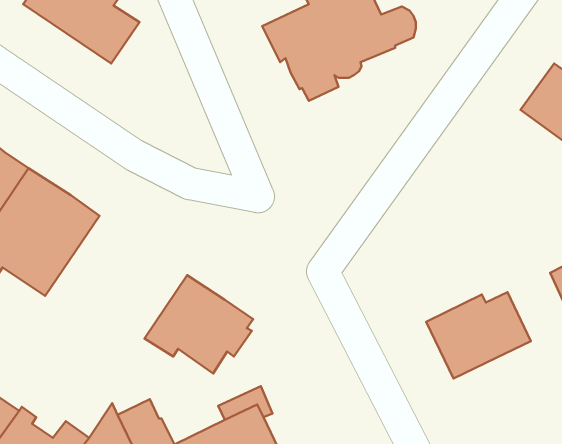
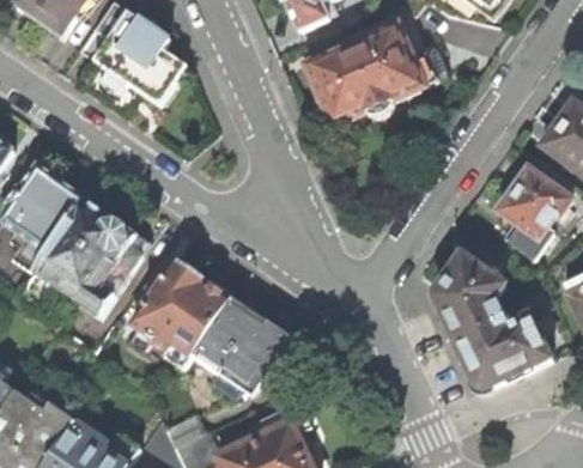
building: none -> [498,164,571,260]
building: none -> [431,238,504,340]
building: none -> [132,260,231,360]

